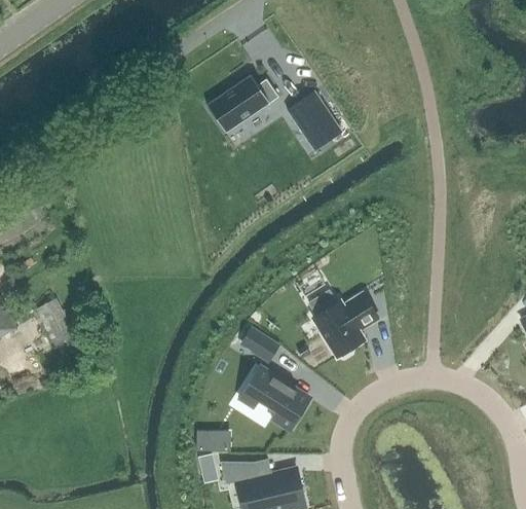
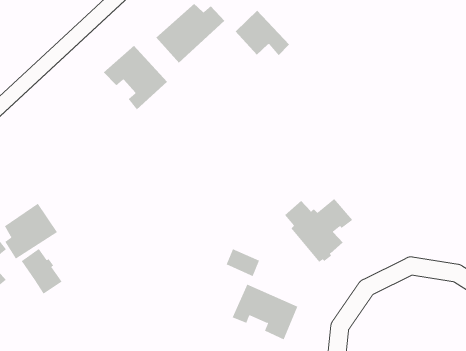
building: none -> [103,45,168,110]
building: none -> [4,203,58,259]

